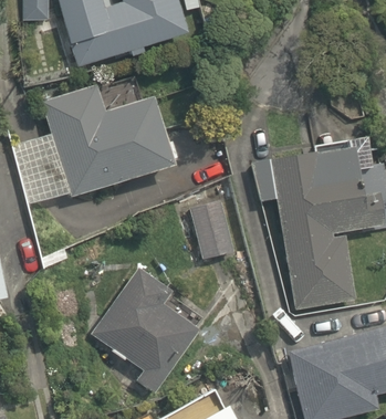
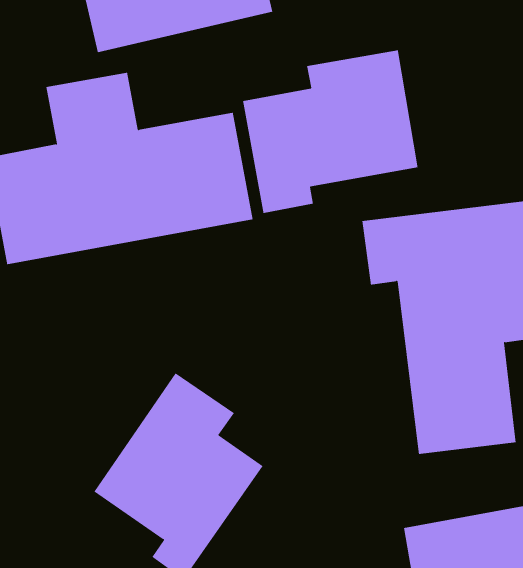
building: none -> [242,49,418,214]
building: [188,202,232,260] -> none

